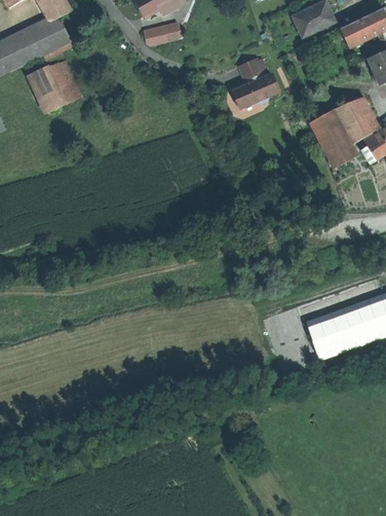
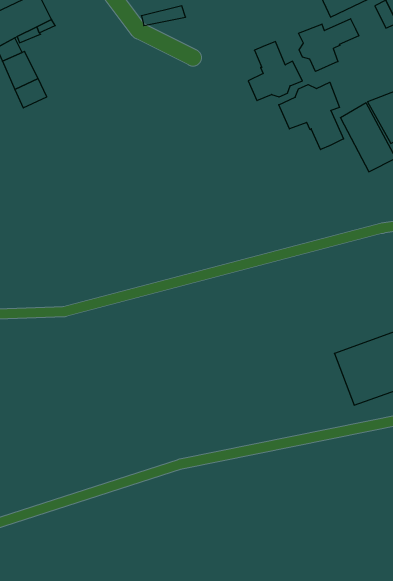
building: none -> [299,19,359,71]
building: [47,62,81,104] -> none
building: none -> [279,82,344,150]

